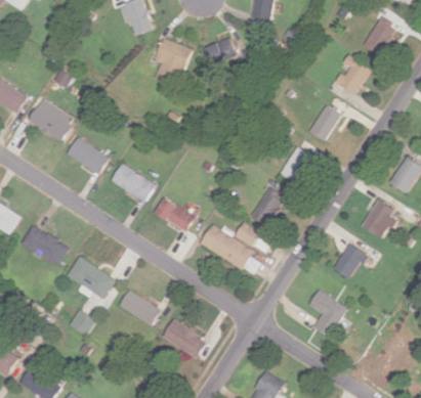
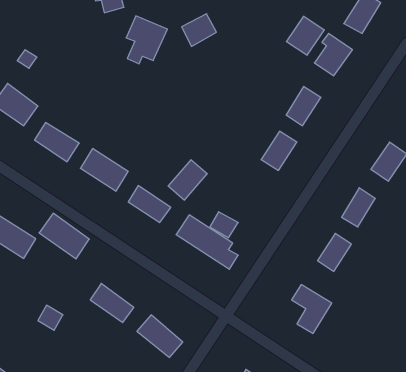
building: none -> [286,16,324,55]
building: [251,188,288,226] -> [168,160,207,200]
building: [67,256,114,299] -> [39,213,89,259]

